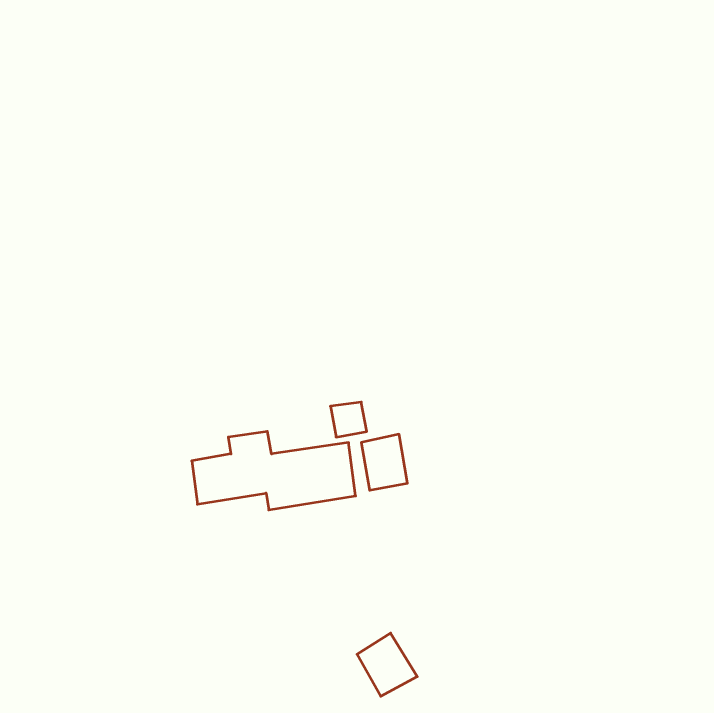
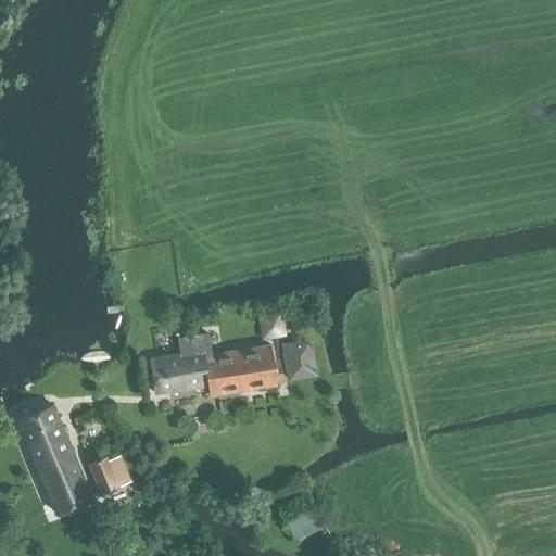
building: none -> [17,406,93,517]
building: none -> [88,456,131,495]

